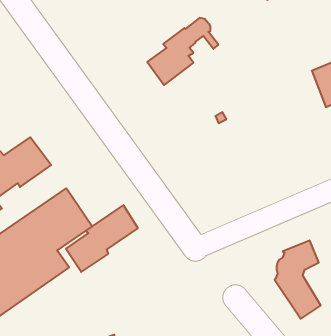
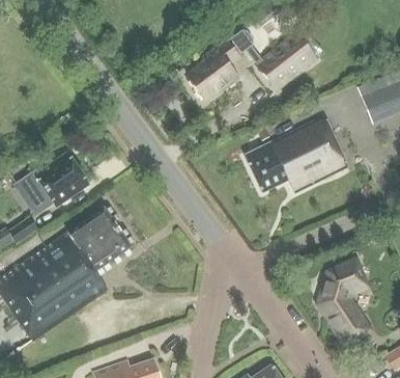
building: none -> [254,25,322,91]
building: none -> [245,118,344,190]
building: [66,205,138,272] -> none

